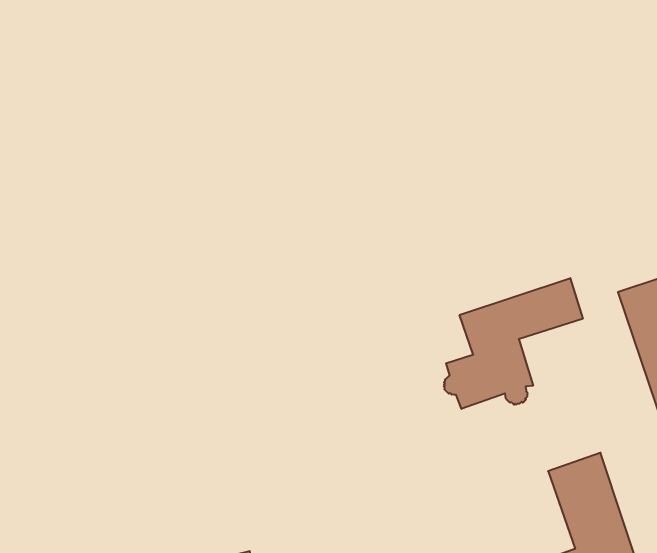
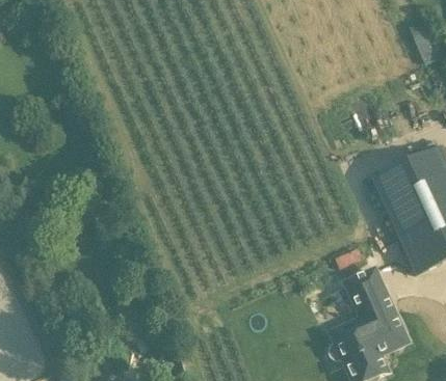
building: [444,278,583,409] -> none

